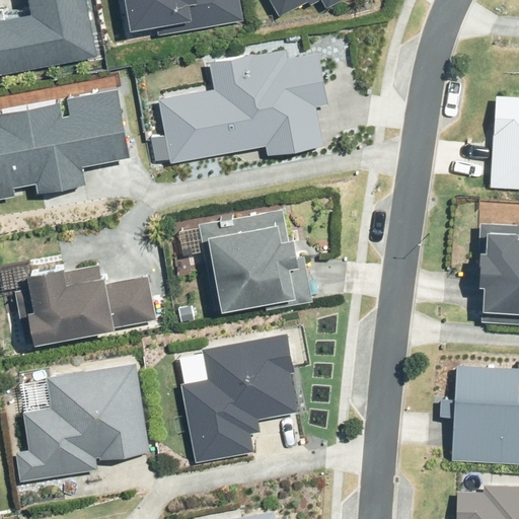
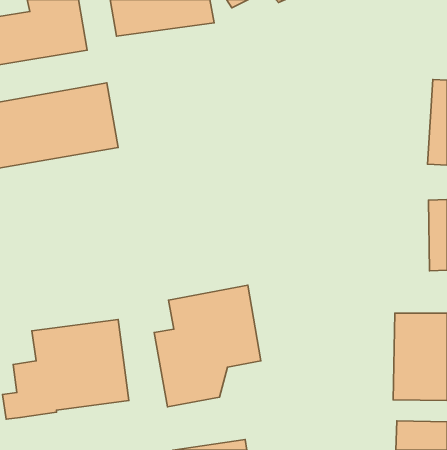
building: [164,33,337,167] -> none
building: [197,221,305,309] -> none
building: [13,263,160,349] -> none

